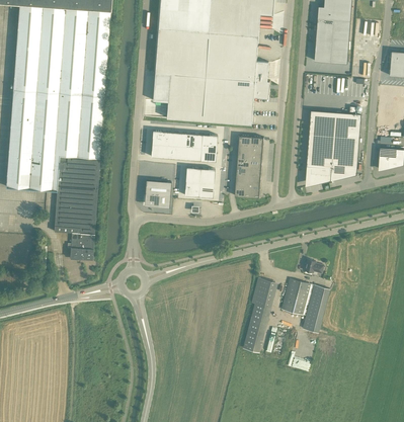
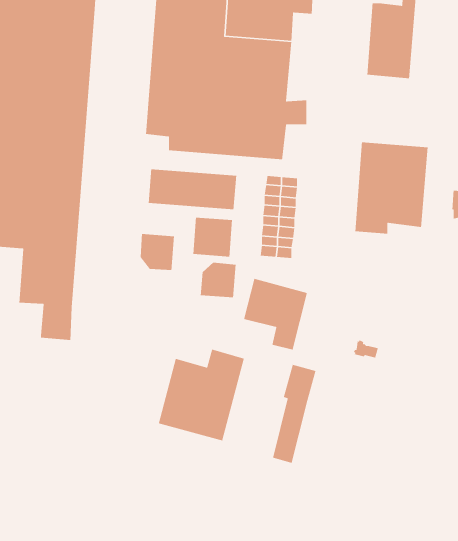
building: none -> [200,262,236,298]
building: none -> [158,348,245,441]
building: [280,278,329,333] -> [243,278,308,350]

